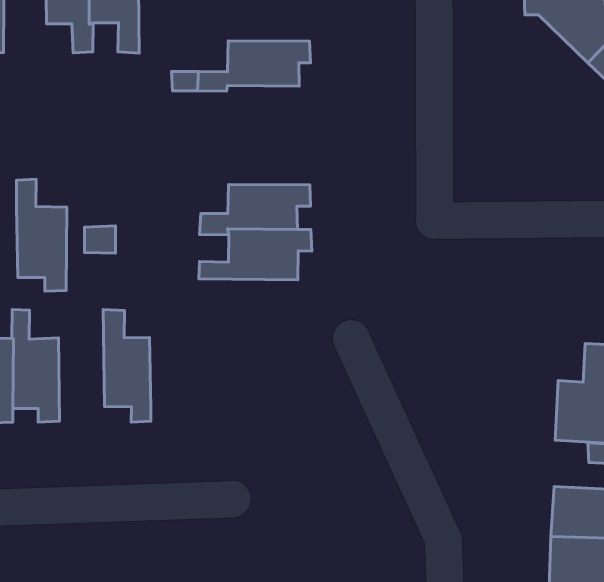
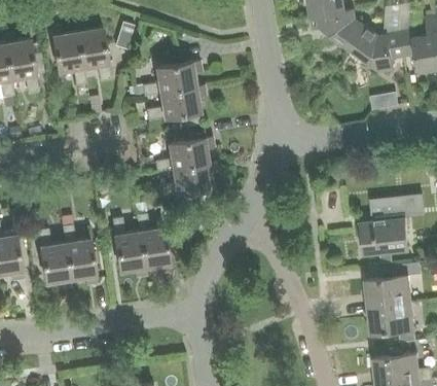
building: none -> [148,84,206,119]
building: [16,179,67,291] -> [137,214,172,273]

